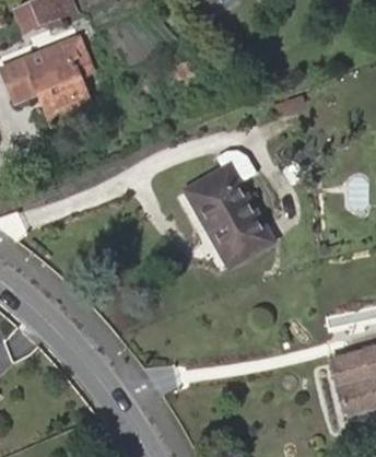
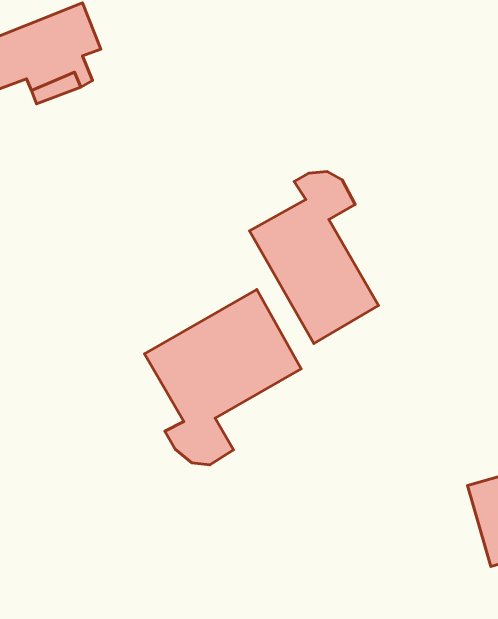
building: none -> [144,289,301,465]

